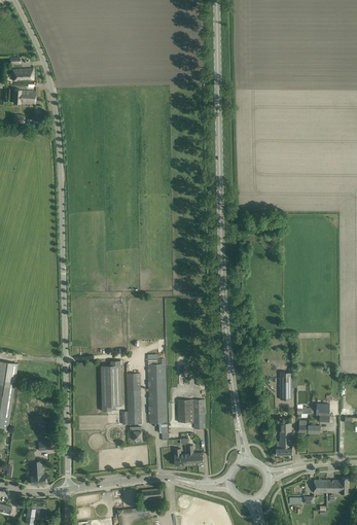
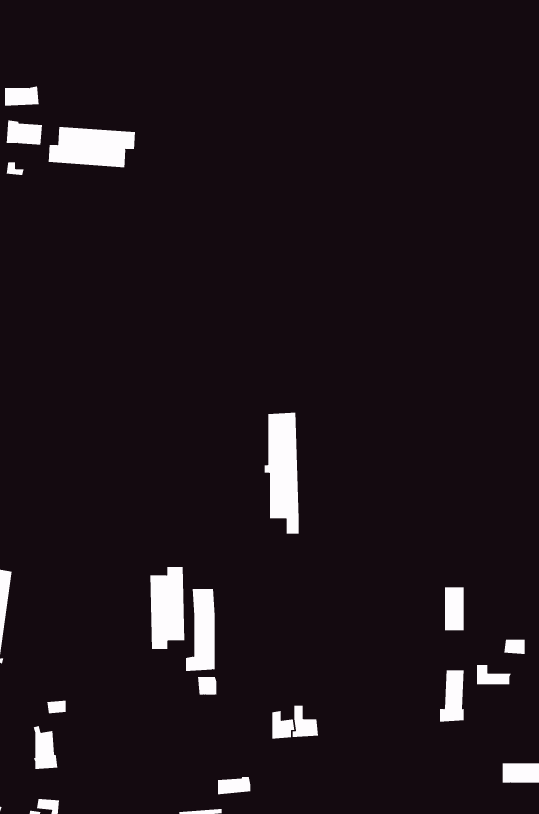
building: none -> [48,126,135,168]
building: [145,358,167,432] -> [264,412,300,534]
building: [177,399,204,428] -> none

